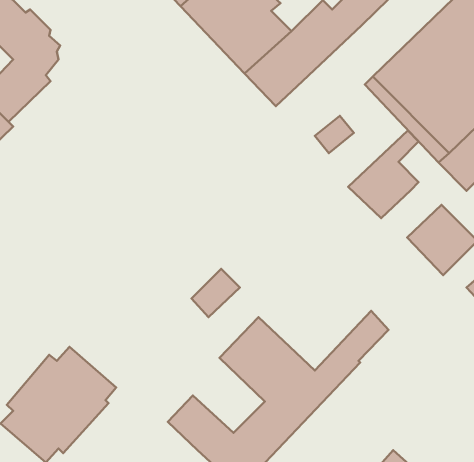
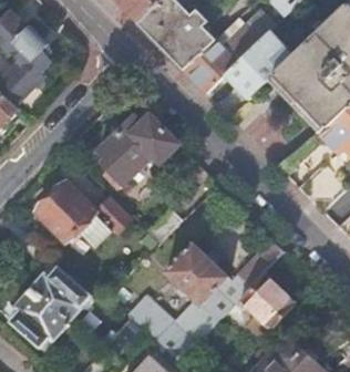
building: [348,131,419,218] -> [223,37,272,99]
building: none -> [102,116,181,188]
building: none -> [40,182,131,247]
building: none -> [240,276,295,341]

